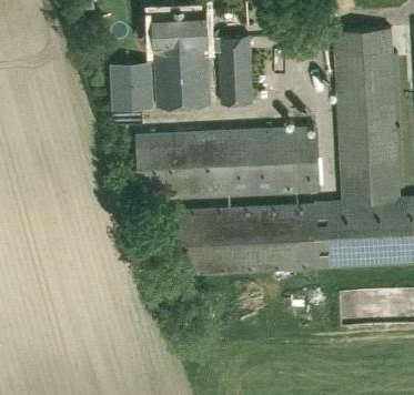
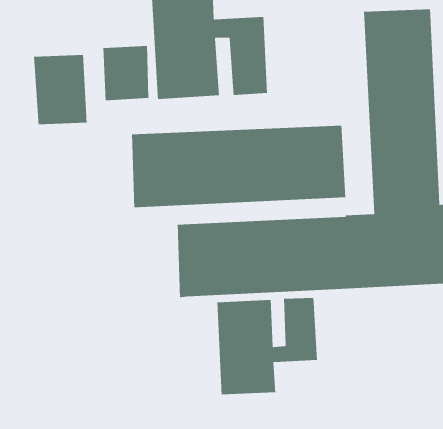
building: none -> [33,54,87,125]
building: none -> [216,297,318,395]

